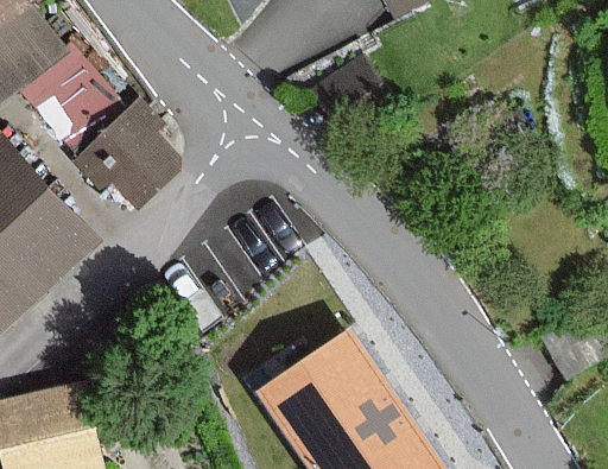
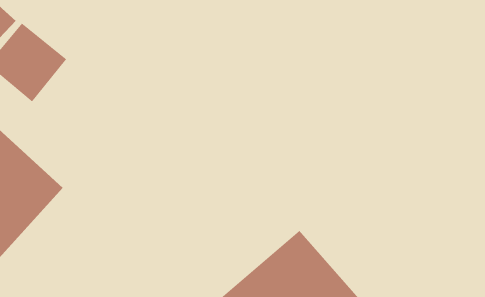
building: [72,101,180,204] -> none

